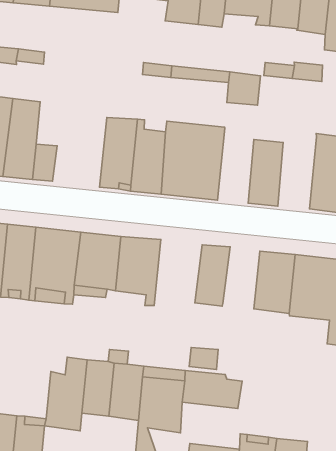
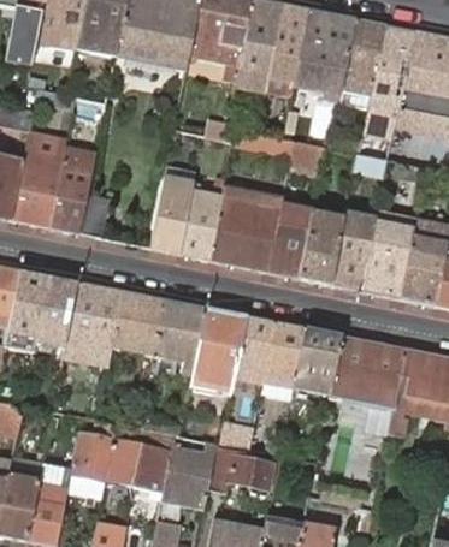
building: none -> [268,198,313,278]
building: none -> [330,212,377,290]
building: none -> [190,307,248,391]
building: none -> [264,321,307,396]

